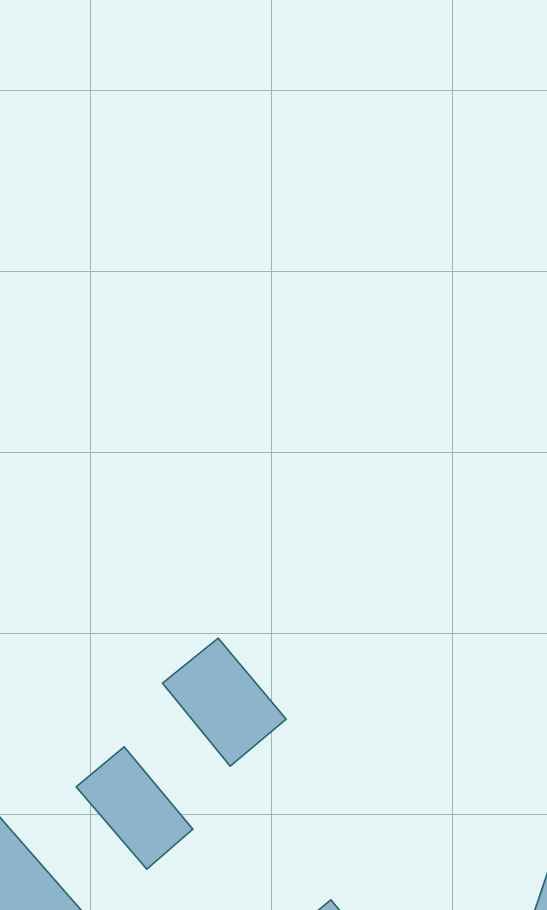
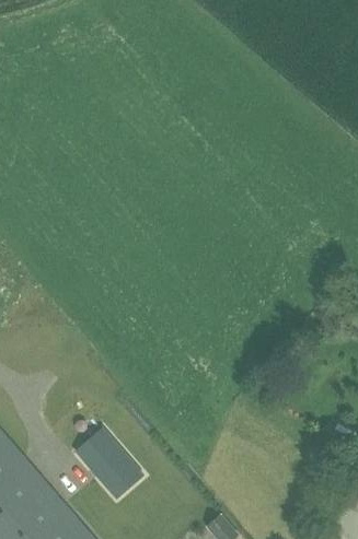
building: [163,638,286,766] -> none

